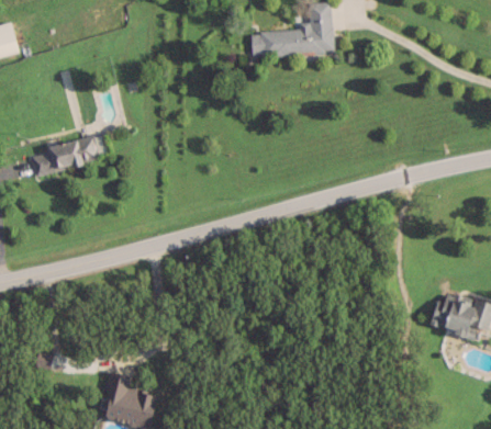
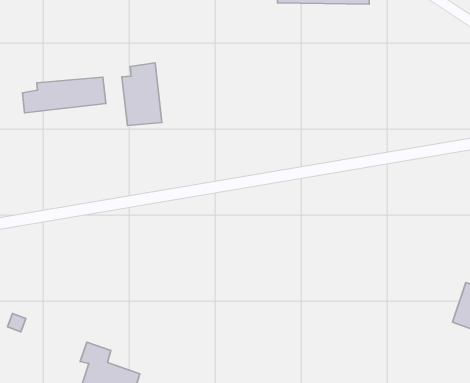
building: none -> [122,63,162,126]

